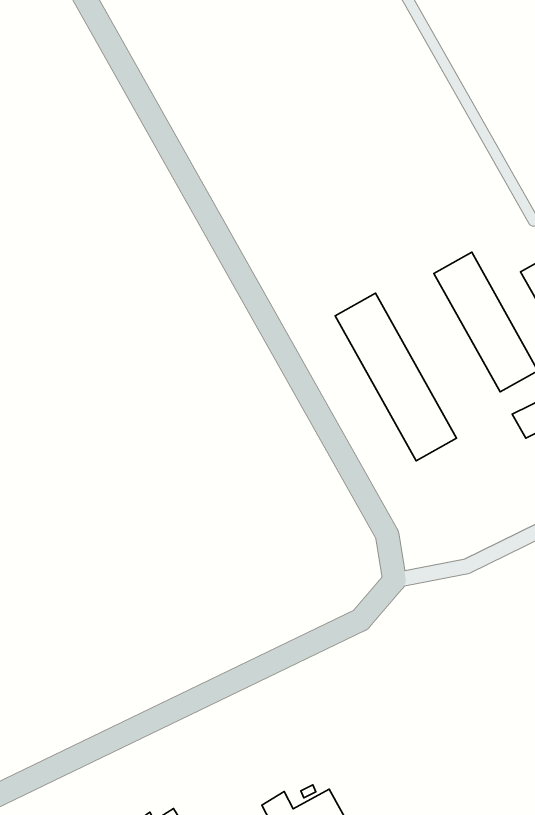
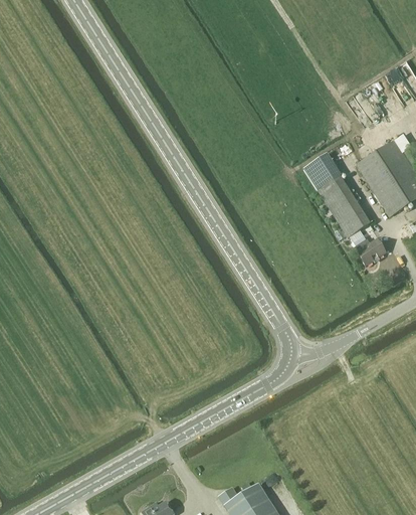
building: [335,293,457,461] -> none

